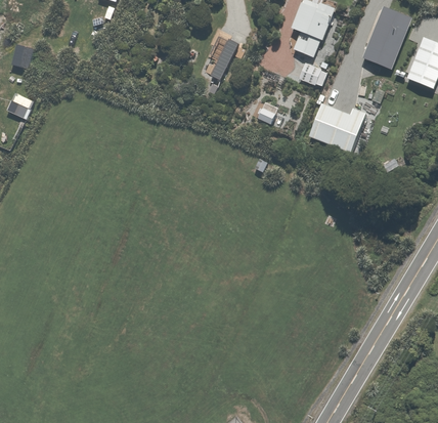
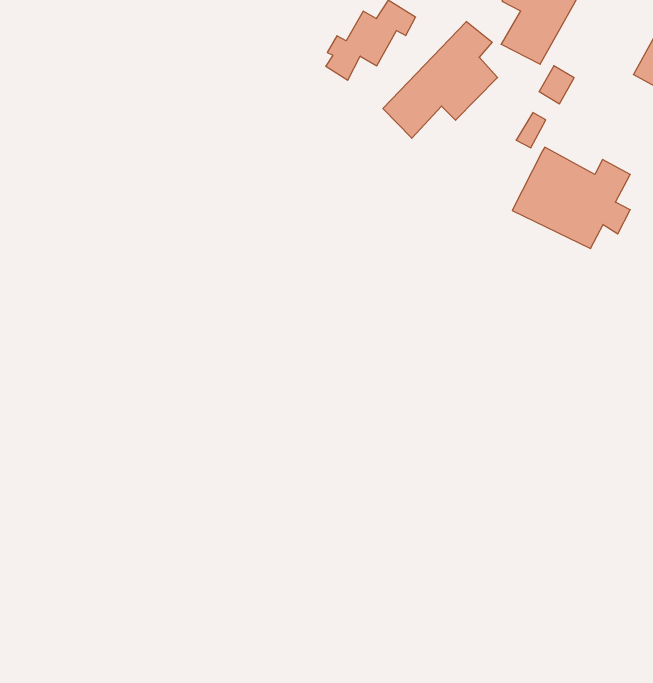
building: none -> [383,21,498,138]

